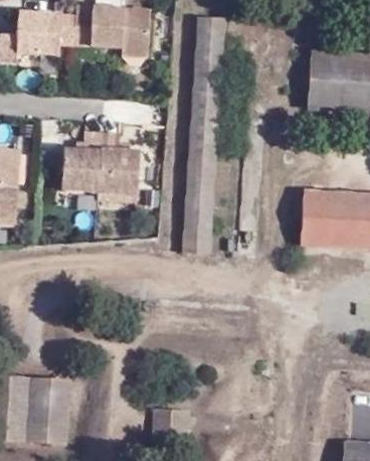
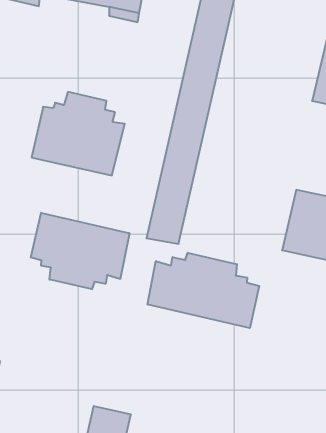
building: none -> [31,213,129,289]
building: none -> [147,253,259,328]

